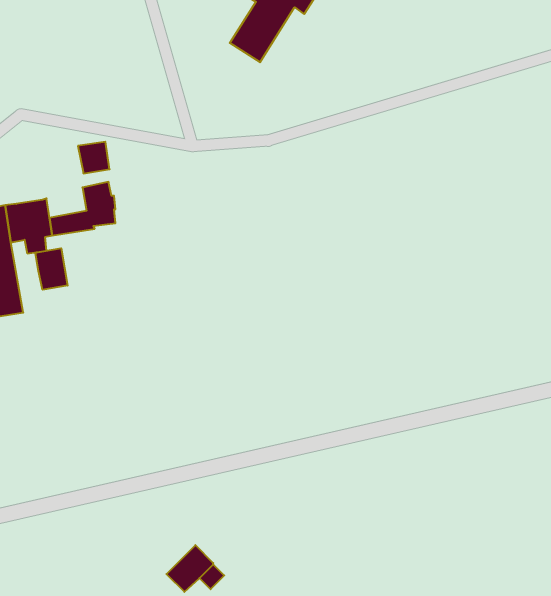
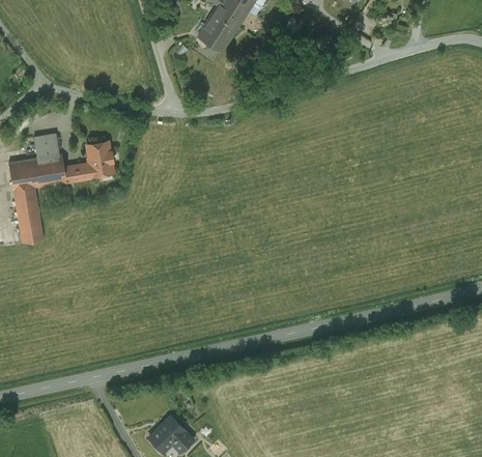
building: [78,142,110,173] -> [33,134,57,158]
building: [35,248,68,290] -> none

